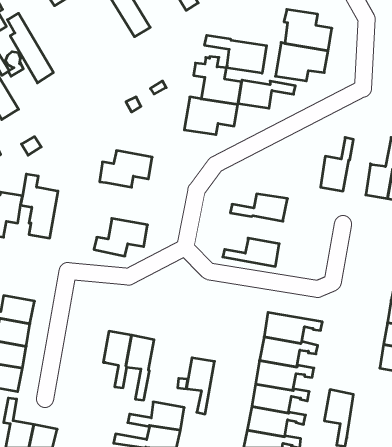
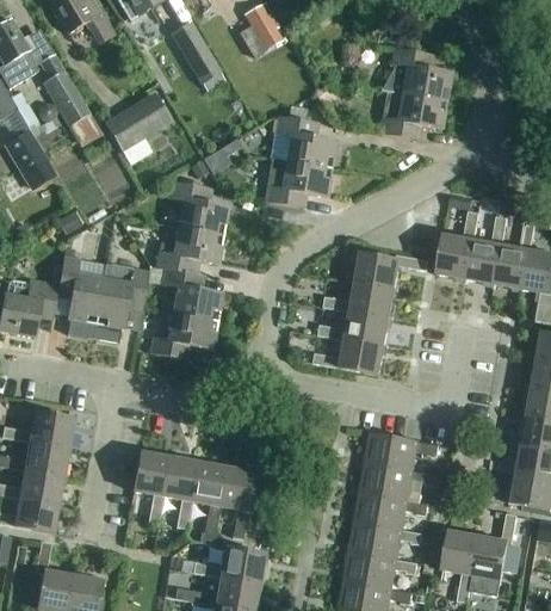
building: [205,35,267,73] -> none
building: none -> [104,91,171,150]
building: [238,80,295,108] -> [355,252,428,288]
building: none -> [168,181,228,235]
building: none -> [465,215,507,283]
building: none -> [93,264,148,342]
building: none -> [162,267,222,321]
building: none -> [317,309,389,345]
building: none -> [132,451,168,523]
building: [186,358,215,414] -> [218,467,254,538]
building: none -> [470,512,521,595]

